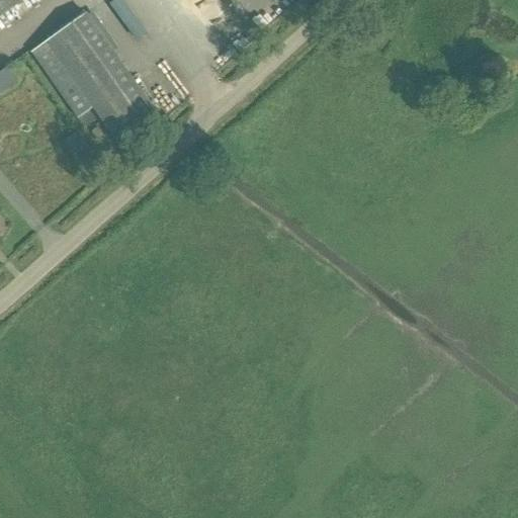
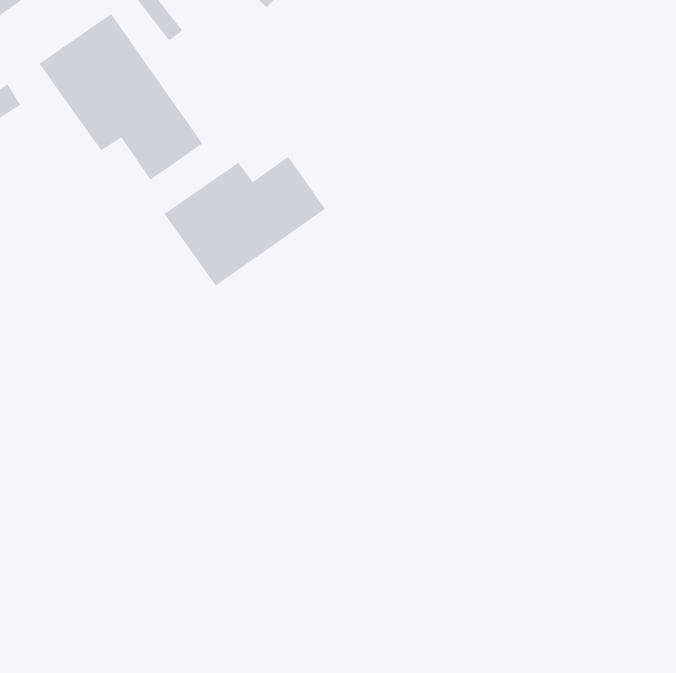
building: none -> [164,156,326,287]

